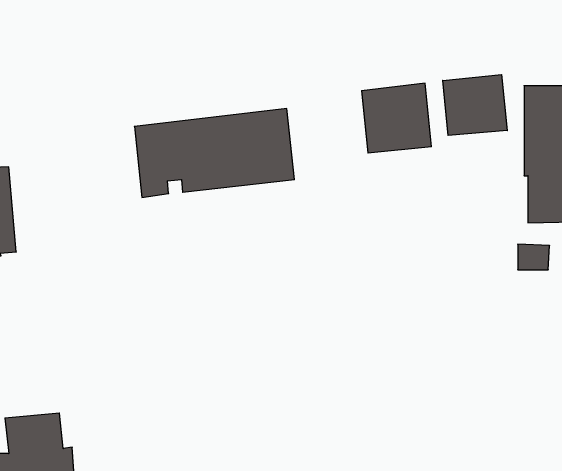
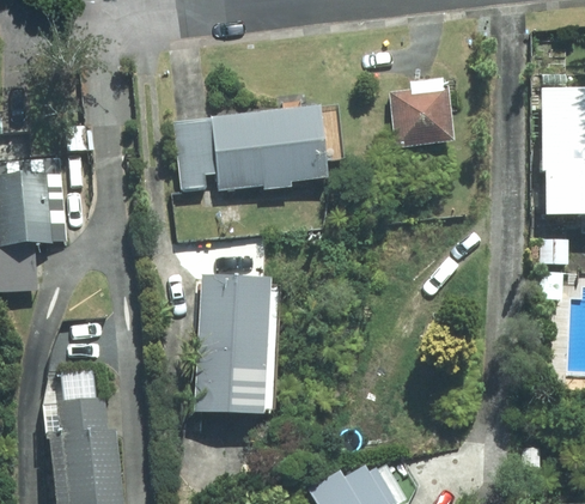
building: [443,75,507,135] -> none
building: none -> [190,271,268,412]

